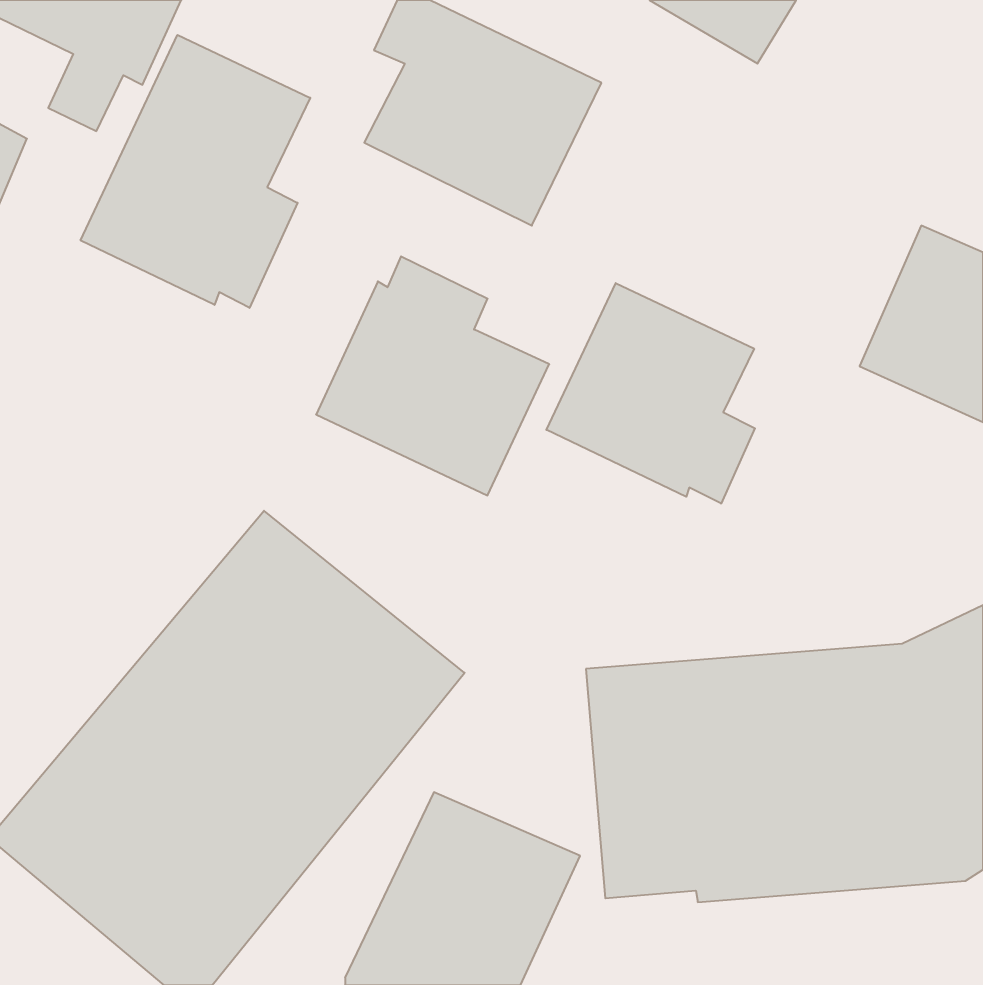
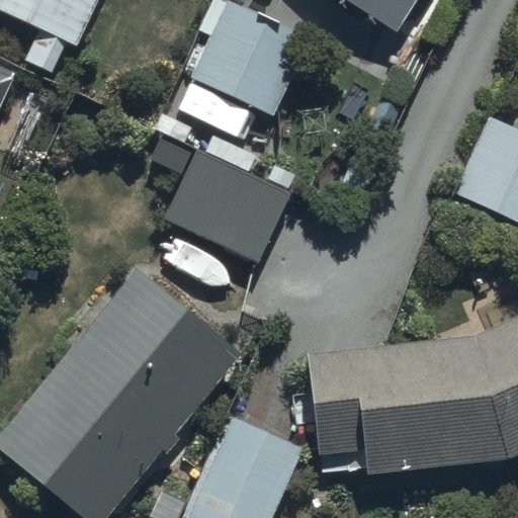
building: [81,35,310,308] -> none
building: [546,283,755,504] -> none

